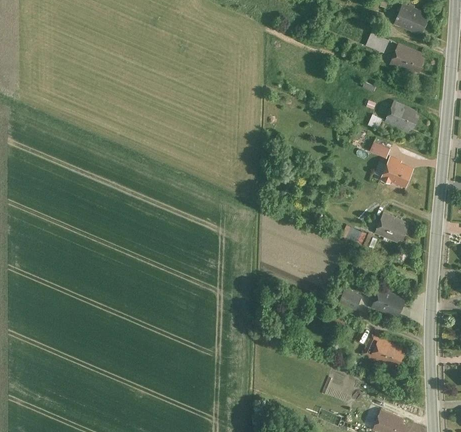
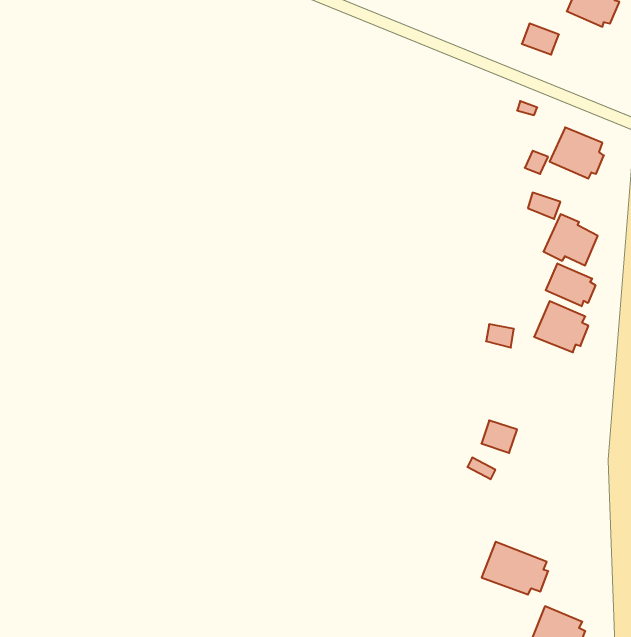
building: [390,43,425,72] -> none
building: none -> [546,263,595,306]
building: [370,286,407,318] -> none
building: [361,332,404,366] -> [482,542,548,595]

